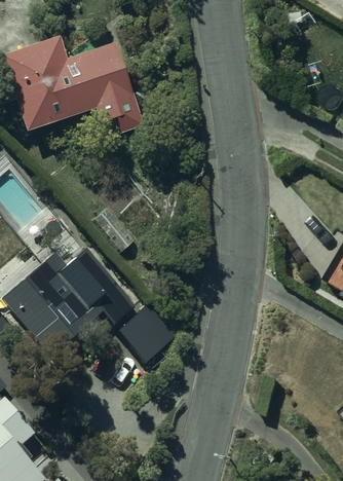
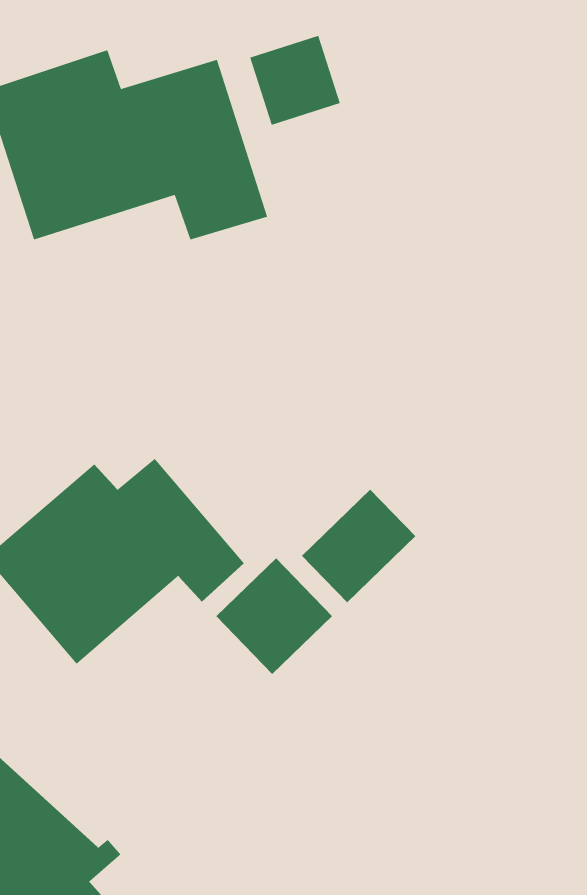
building: none -> [249,35,341,126]
building: none -> [301,489,416,603]

